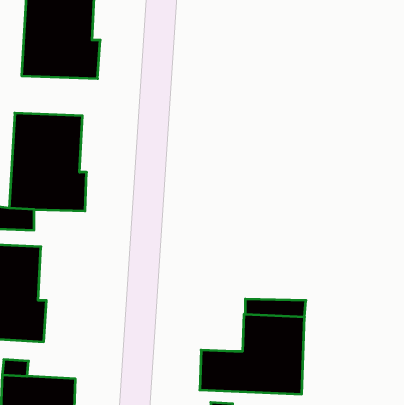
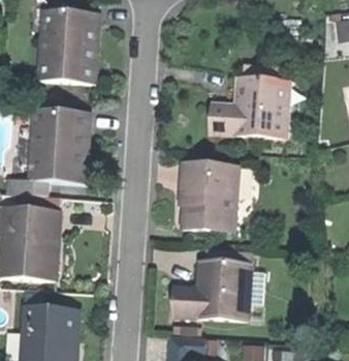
building: none -> [210,78,287,137]
building: none -> [180,164,237,231]

